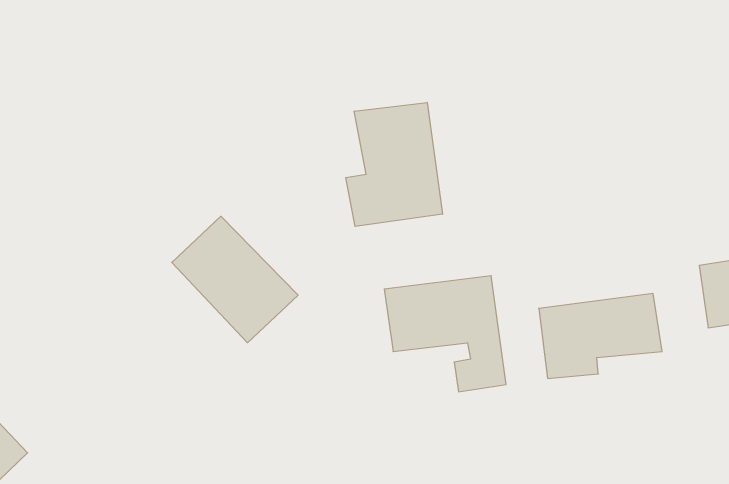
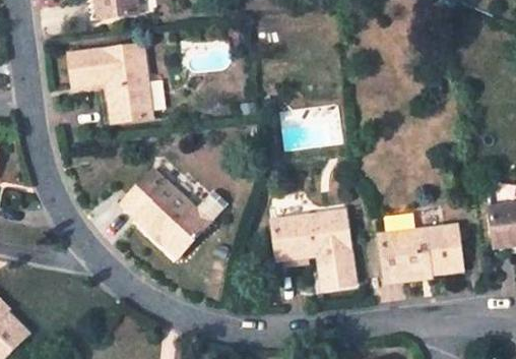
building: none -> [73,48,156,124]
building: [346,102,442,226] -> none

